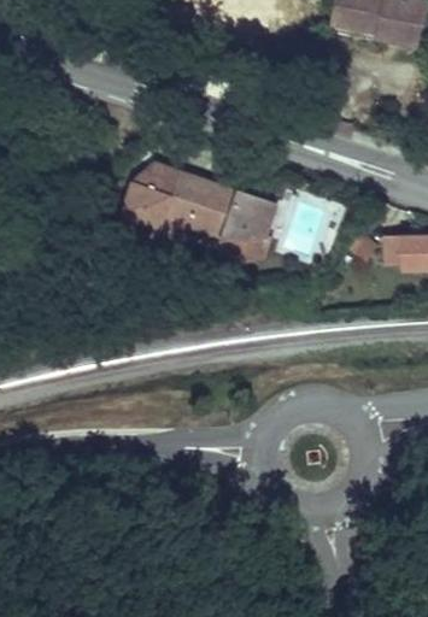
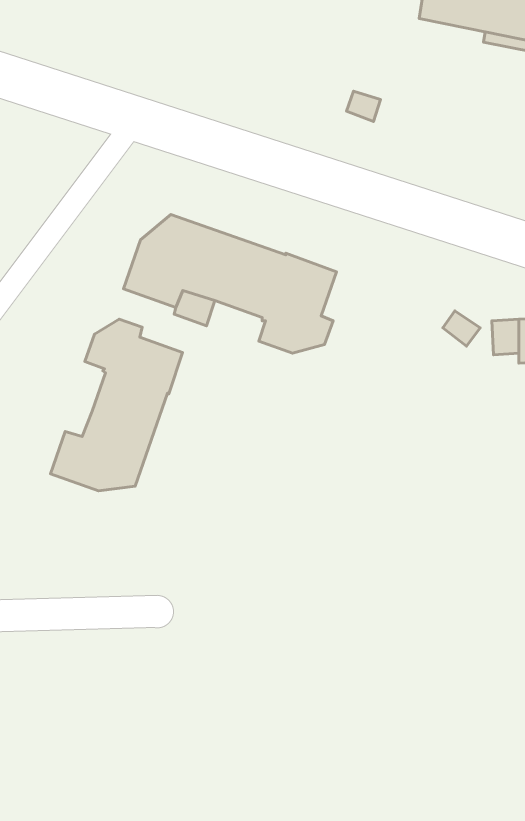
building: none -> [51,319,183,491]

